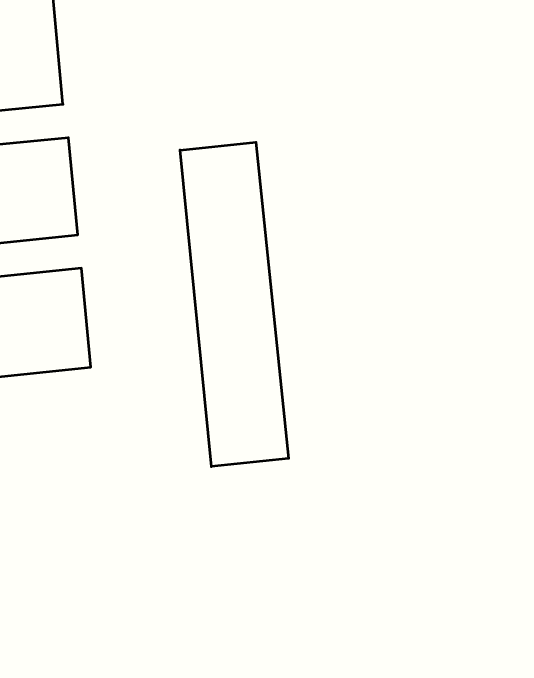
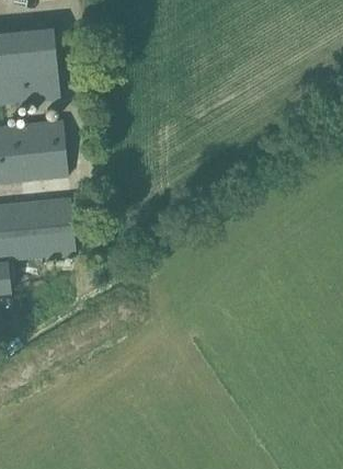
building: [180,142,289,467] -> none

